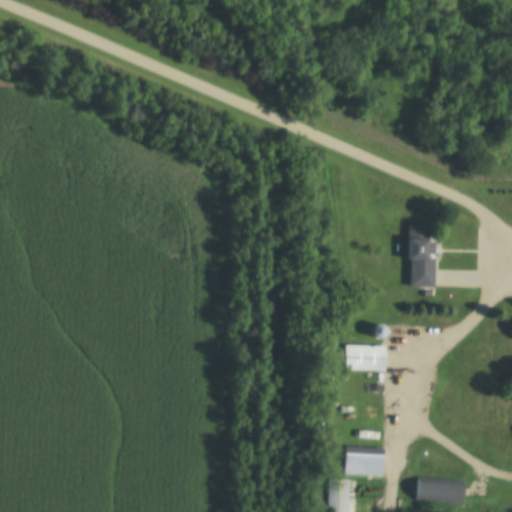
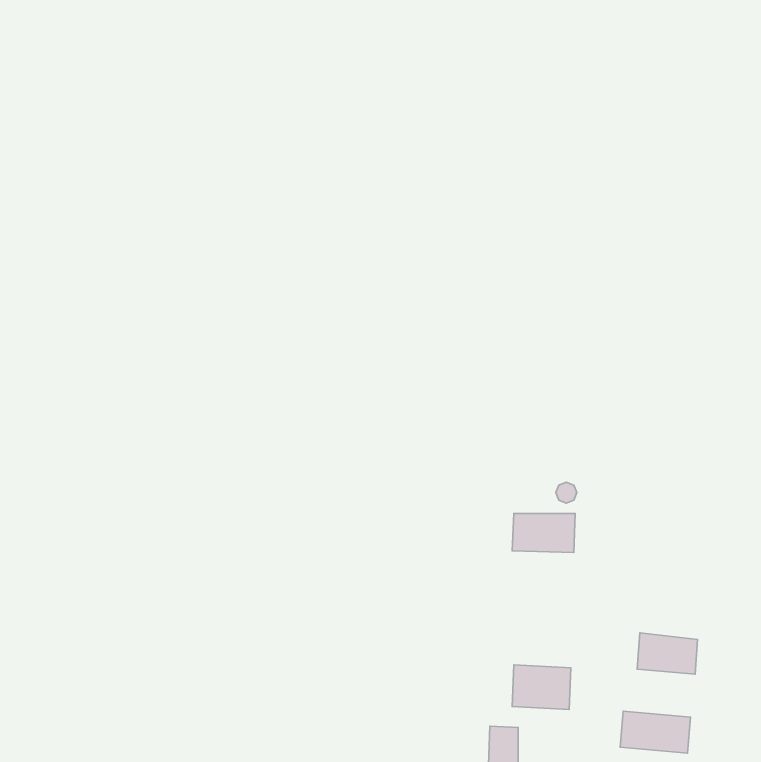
building: [409,226,436,287] -> none
building: none -> [637,633,698,674]

